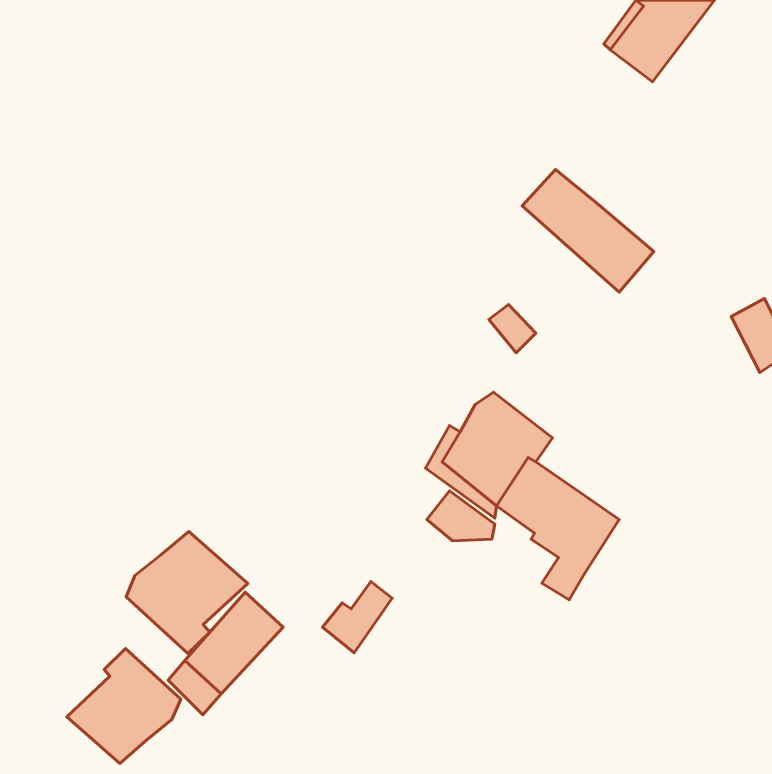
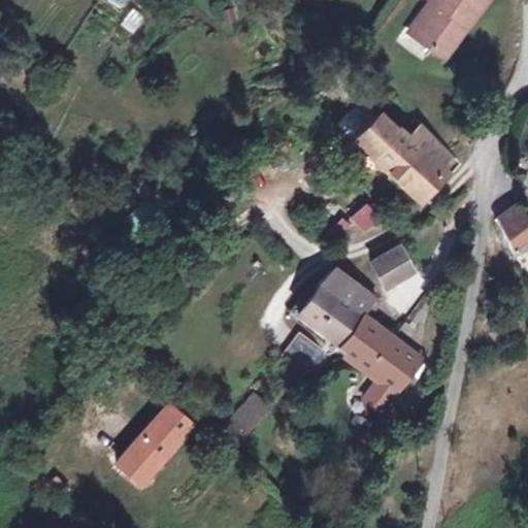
building: none -> [406,122,453,166]
building: none -> [372,246,414,289]
building: [126,531,248,654] -> none
building: [67,648,181,763] -> none

